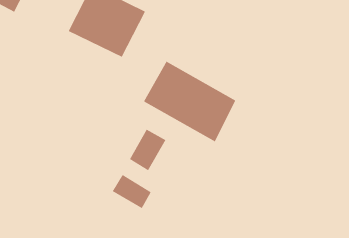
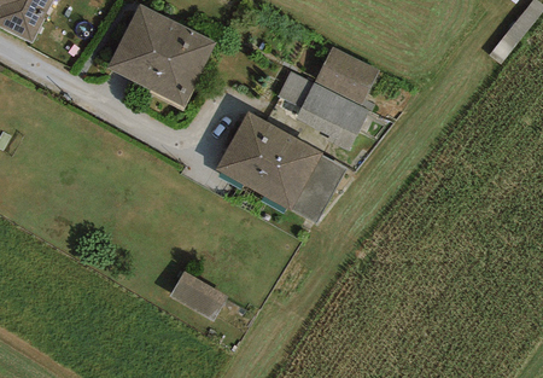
building: none -> [278,46,378,150]
building: [129,129,166,171] -> none

